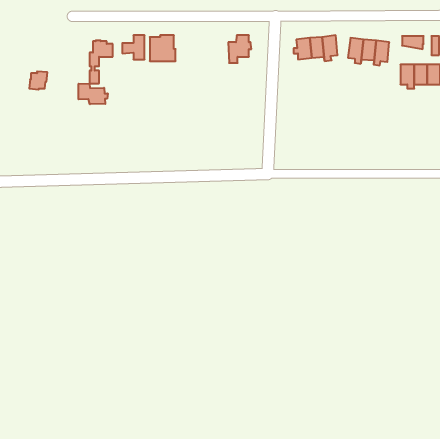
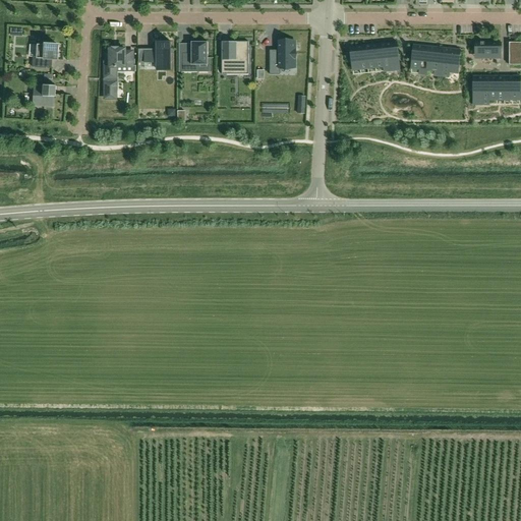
building: none -> [222,43,248,75]
building: none -> [33,44,59,69]
building: [79,83,108,104] -> none

